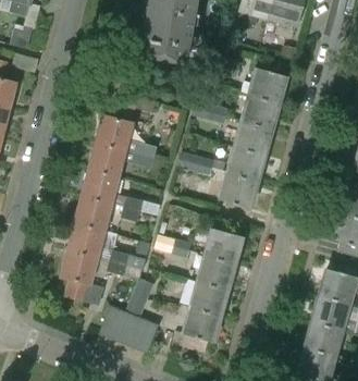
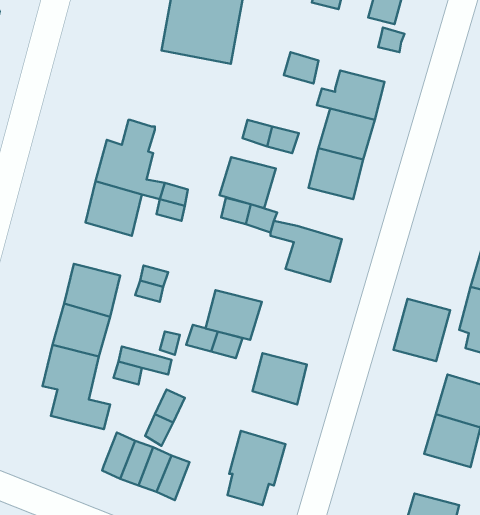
building: [229,146,266,180] -> [220,157,276,208]
building: [82,169,120,204] -> none
building: none -> [394,299,450,361]
building: [206,230,243,262] -> [206,290,262,340]
building: [192,280,229,315] -> none
building: [306,321,343,355] -> none

